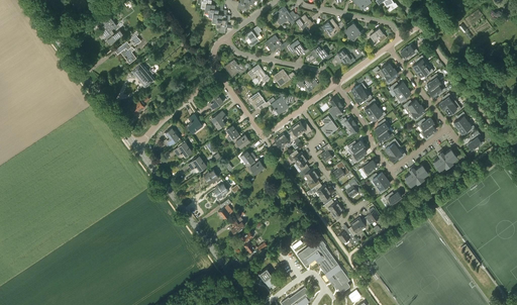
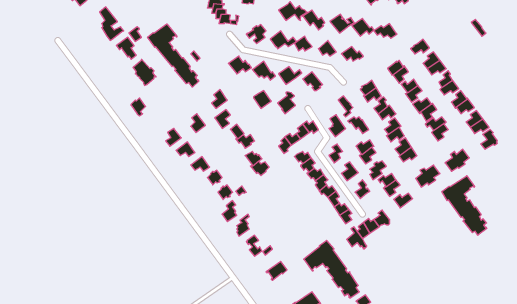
building: none -> [148,24,199,87]
building: none -> [442,176,487,235]

